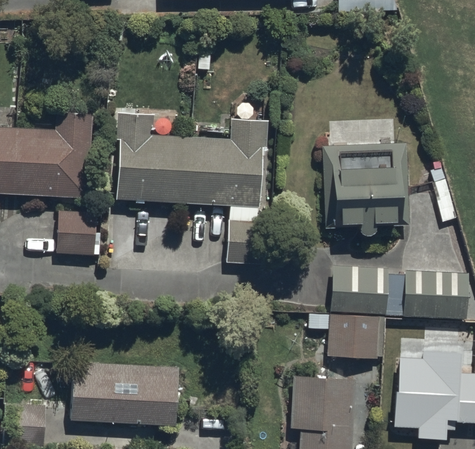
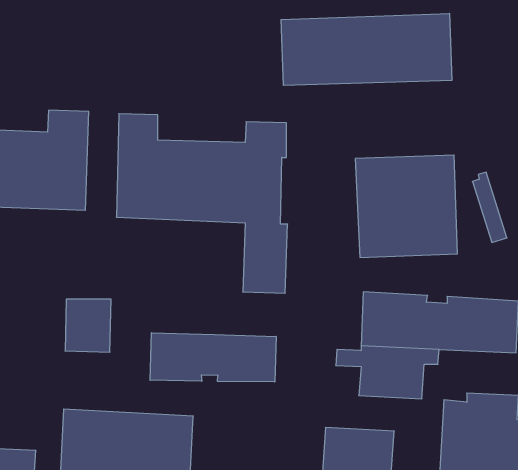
building: none -> [281,13,452,85]
building: [55,207,95,253] -> [65,299,111,352]
building: none -> [150,333,276,382]

